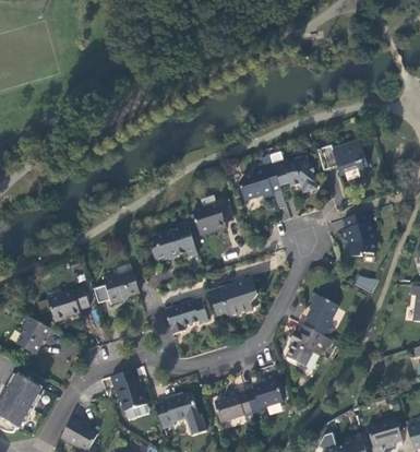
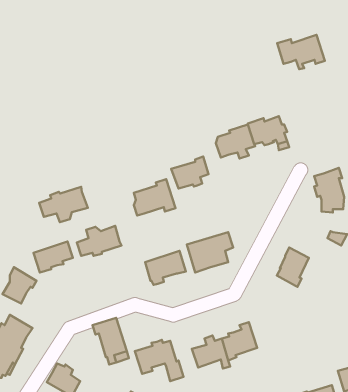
building: [316,140,367,176] -> [277,35,325,69]
building: none -> [39,187,88,222]
building: [286,324,332,366] -> none

